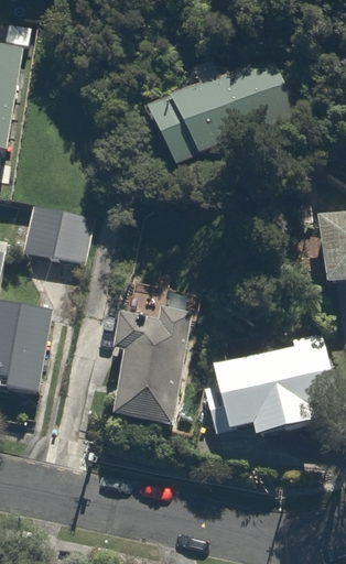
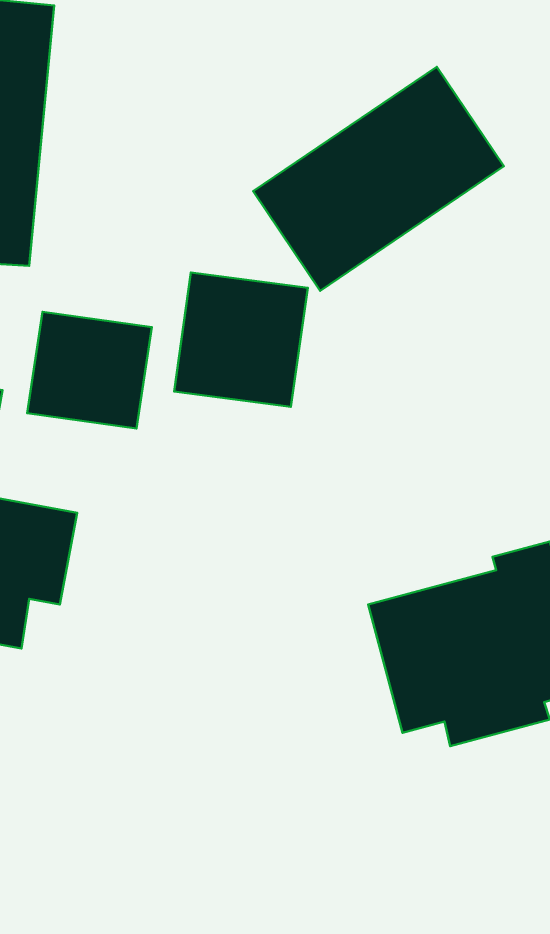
building: none -> [174,272,308,407]
building: [113,289,185,422] -> none

